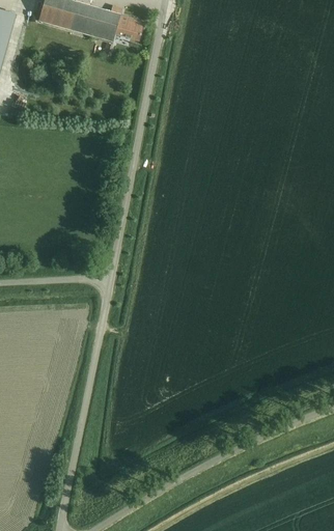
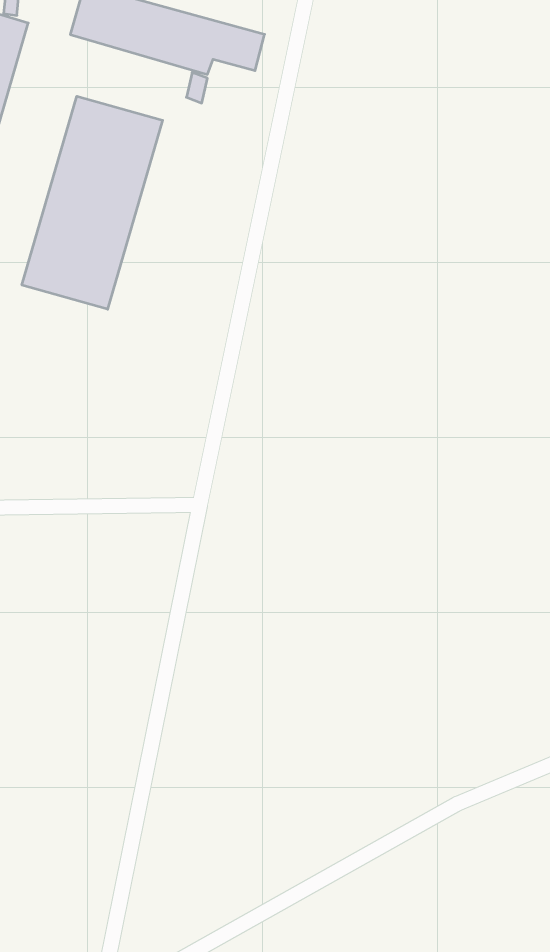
building: none -> [22,96,163,309]

